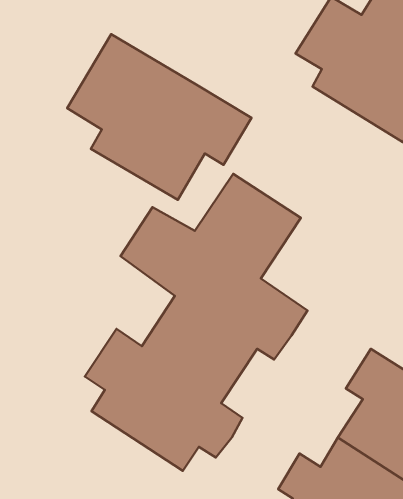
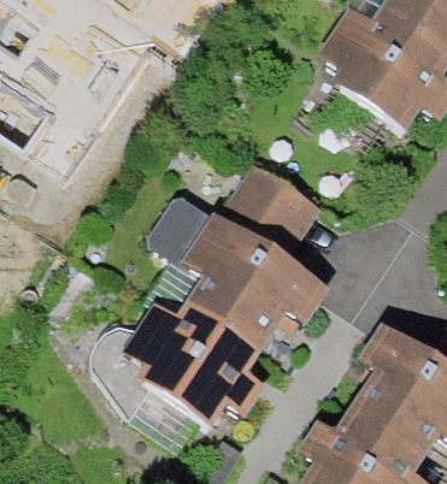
building: [67,34,252,200] -> none

